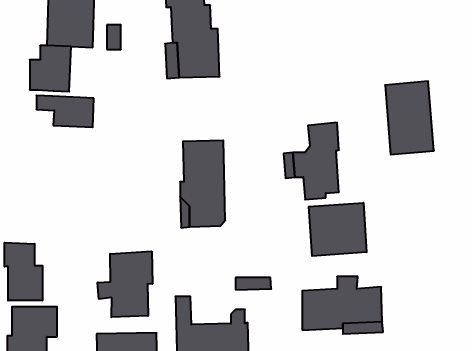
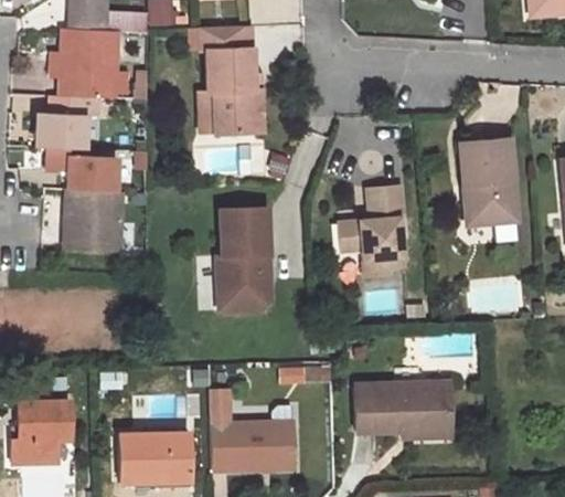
building: none -> [64,190,120,252]
building: [309,203,367,256] -> none
building: [5,243,42,301] -> none
building: [98,251,152,317] -> none

